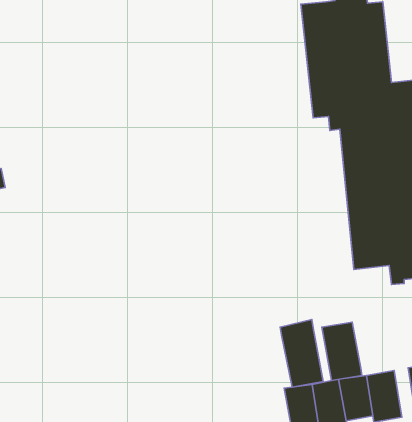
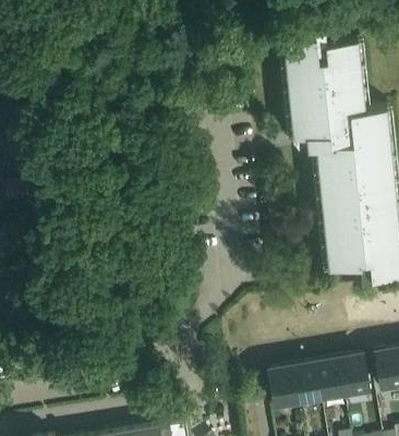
building: [280,320,323,387] -> none
building: [322,322,362,380] -> none

